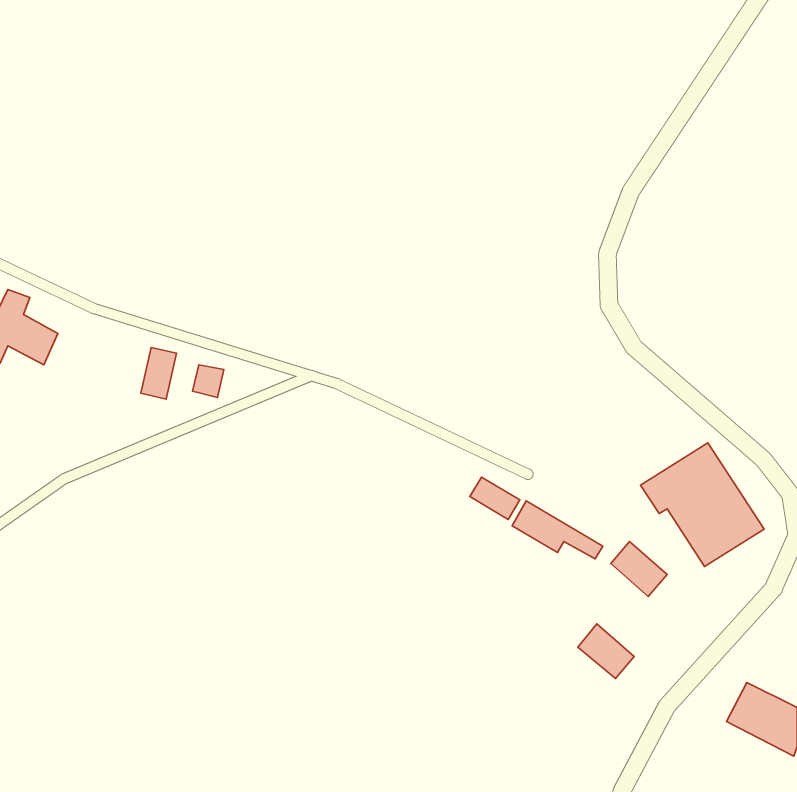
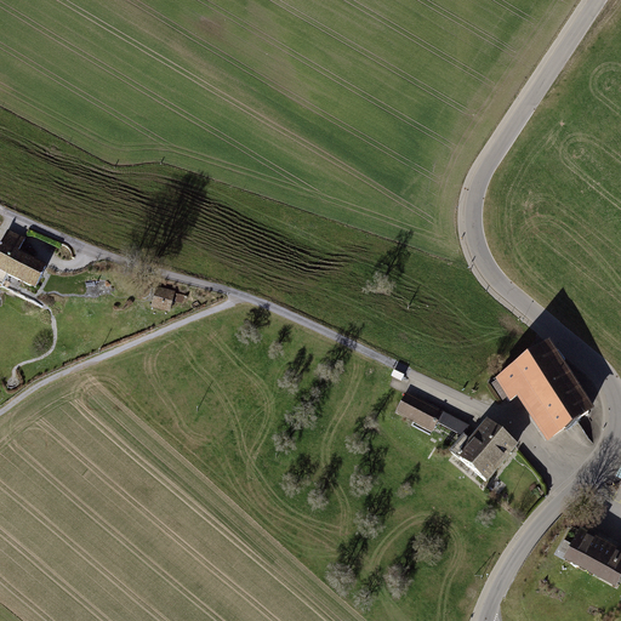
building: [141,347,176,399] -> none
building: [470,477,520,519] -> none
building: [578,624,634,679] -> [458,437,502,479]

